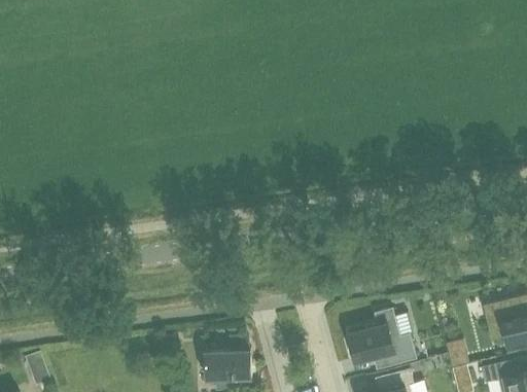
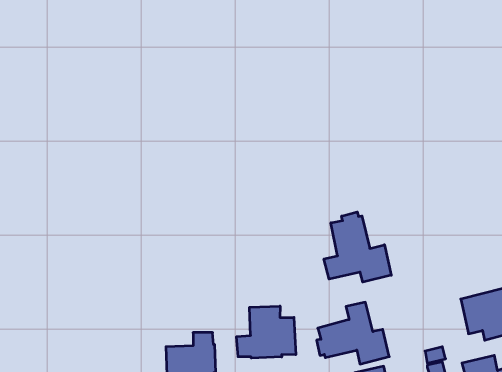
building: none -> [324,212,391,282]
building: none -> [237,306,296,358]

